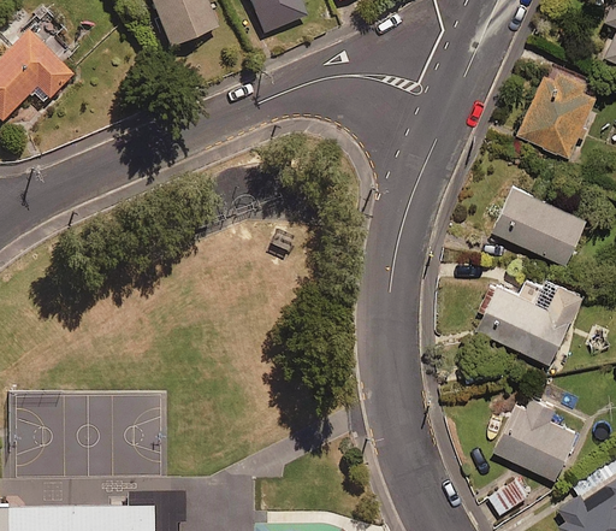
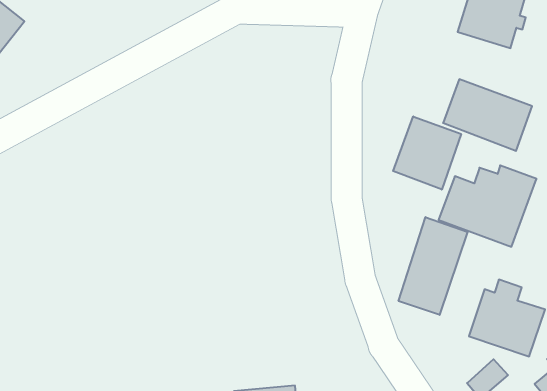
building: none -> [393,116,461,190]
building: none -> [399,217,467,315]

